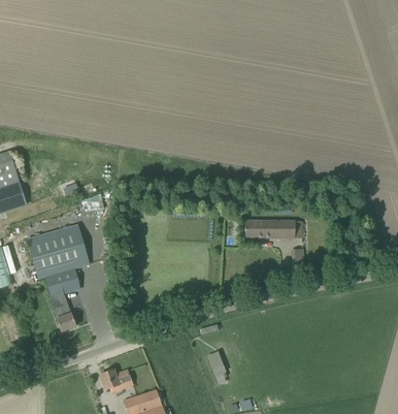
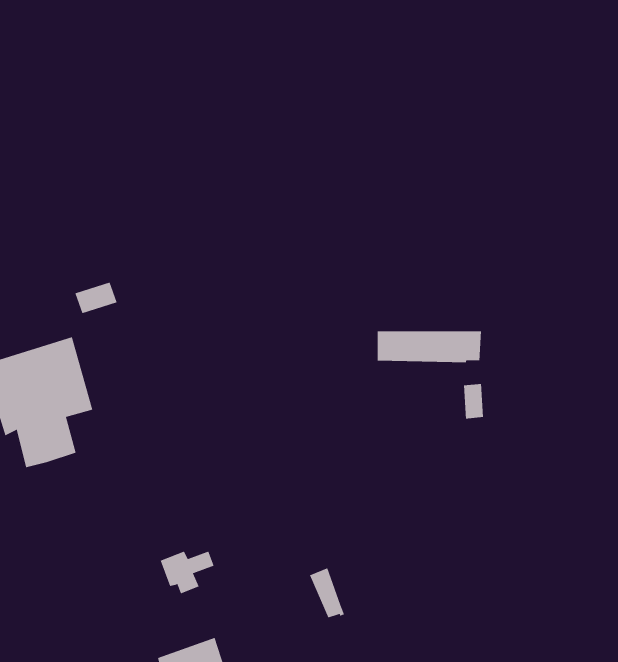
building: [49,292,75,330] -> none
building: [100,369,130,392] -> [160,551,214,594]

